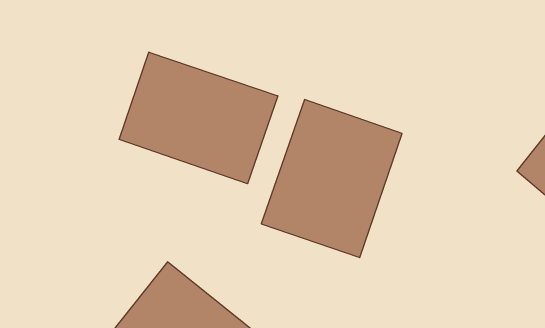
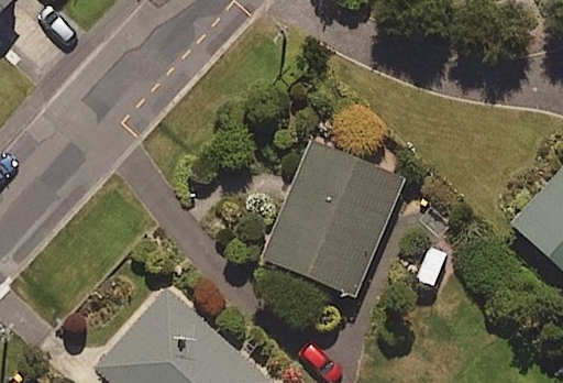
building: [119,52,278,184] -> none

